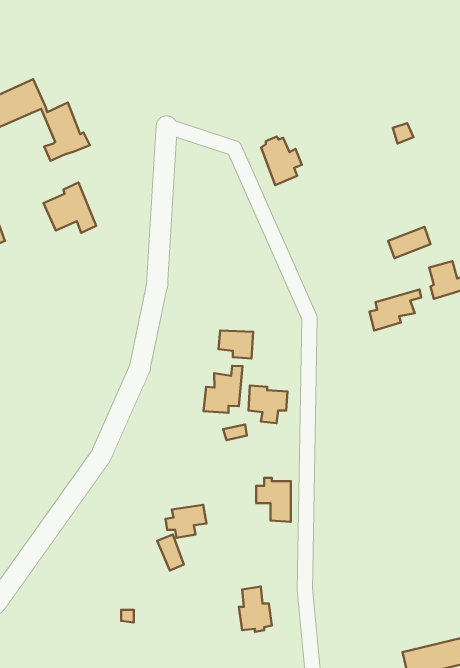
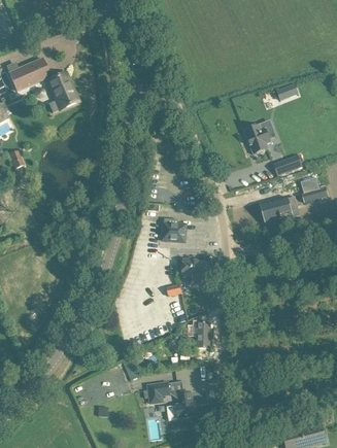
building: [261,136,302,185] -> [244,123,271,154]
building: [44,183,96,233] -> none
building: [204,366,242,413] -> none
building: [166,505,206,538] -> [143,381,170,403]

